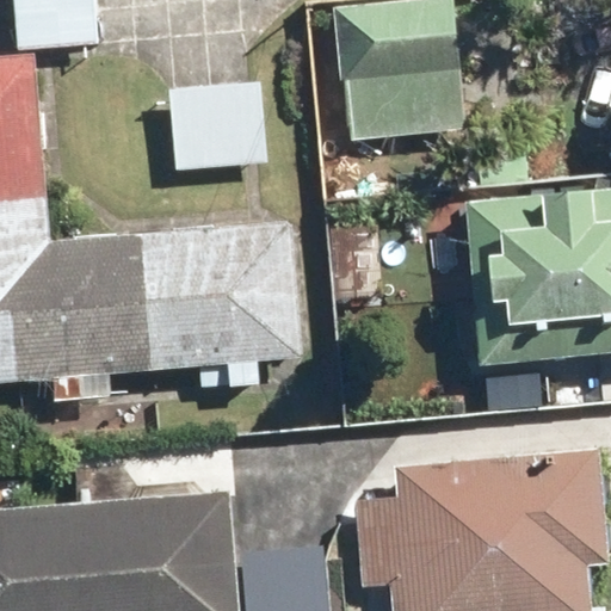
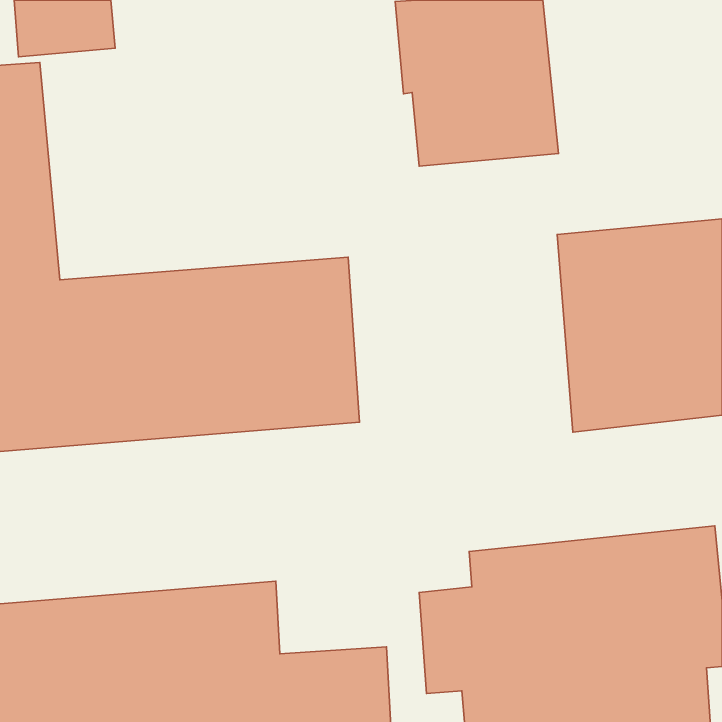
building: [166,81,267,171] -> none

